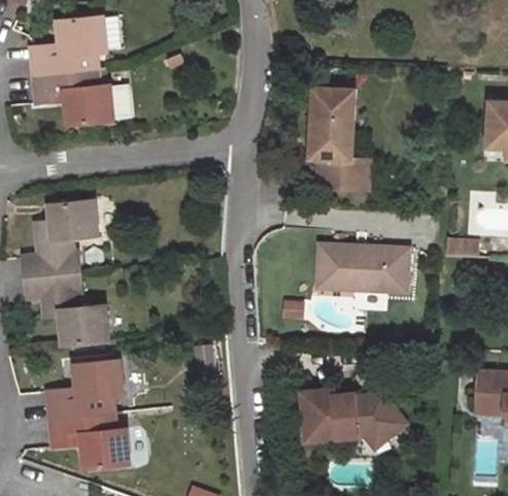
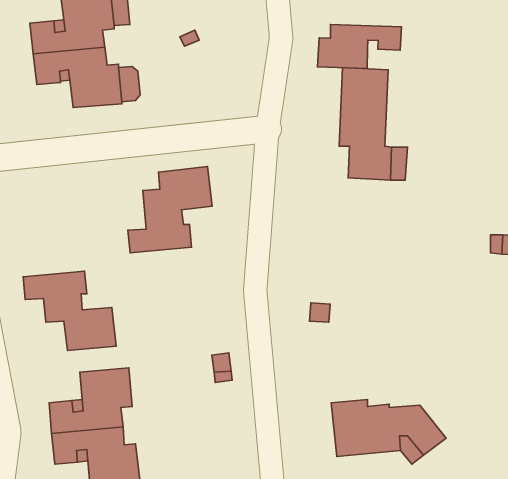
building: none -> [317,24,402,68]
building: [21,199,97,277] -> [128,167,212,253]
building: [316,244,408,293] -> none

